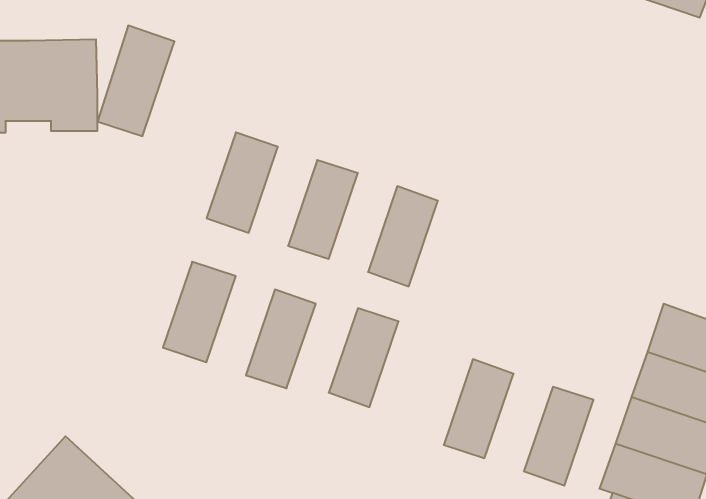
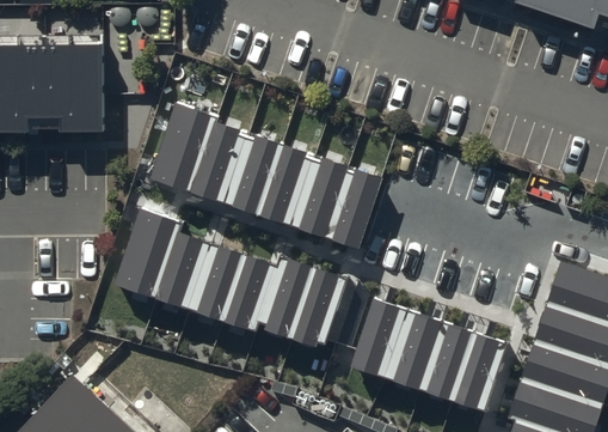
building: [97,26,175,136] -> [153,103,216,194]
building: none -> [225,135,281,217]
building: none -> [290,157,346,238]
building: none -> [117,209,180,300]
building: none -> [190,242,246,323]
building: none -> [258,257,314,337]
building: none -> [352,299,409,381]
building: none -> [418,322,474,402]

